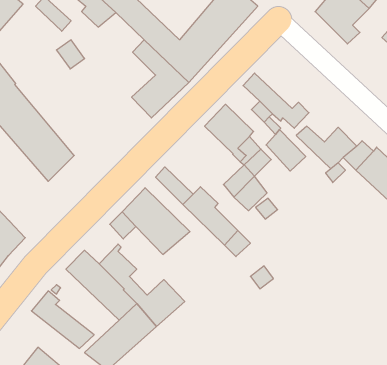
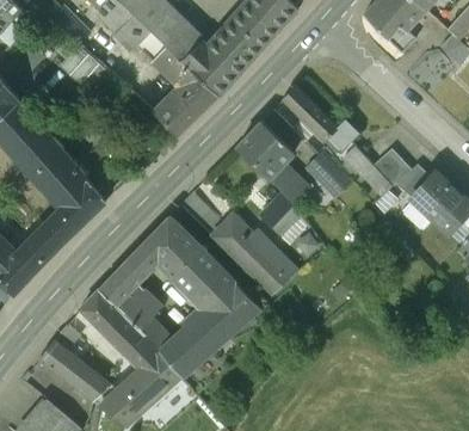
building: none -> [115,16,167,64]
building: none -> [13,179,105,273]
building: none -> [99,258,143,303]
building: none -> [189,266,259,346]

